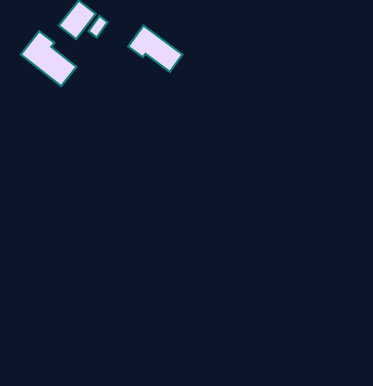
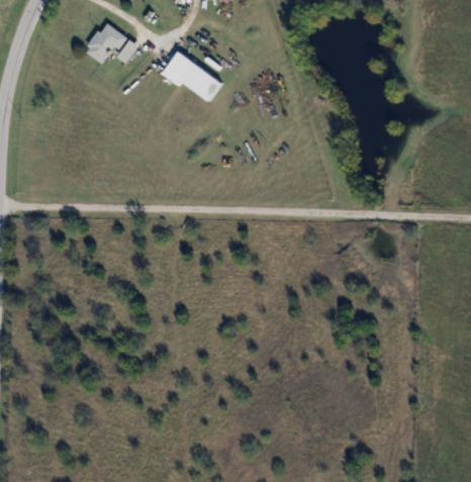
building: [21,31,76,86] -> none

